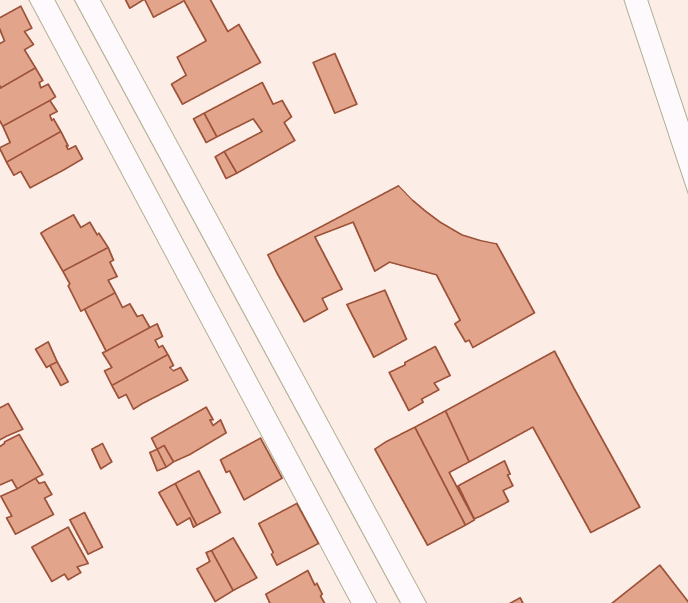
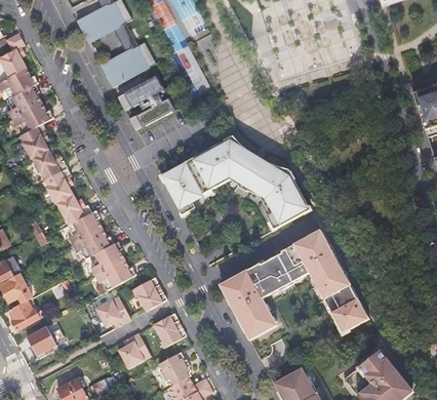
building: none -> [23,125,50,159]
building: [347,290,407,357] -> [186,155,220,193]
building: [389,347,450,411] -> none
building: none -> [88,242,124,277]
building: [458,461,513,519] -> none

